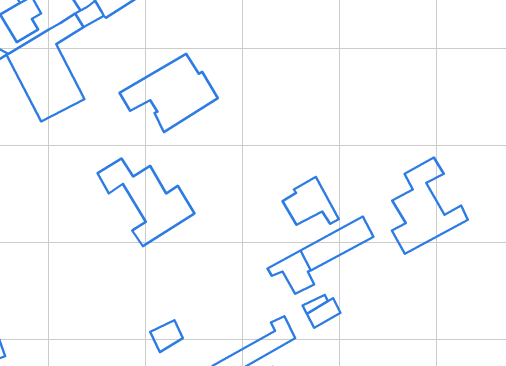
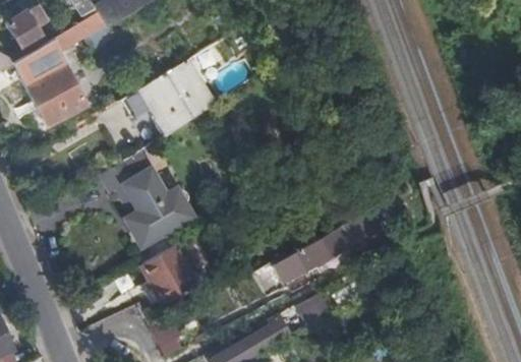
building: [392,158,468,254] -> none
building: [283,177,339,225] -> none
building: none -> [139,246,199,309]

